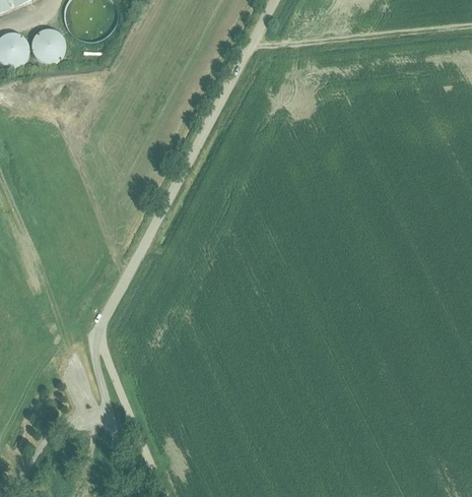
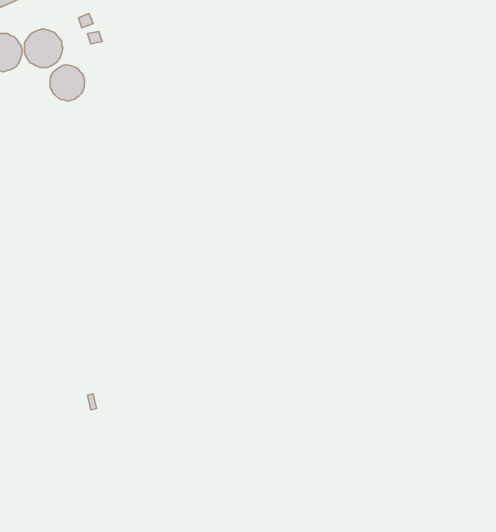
building: none -> [50,65,85,101]

